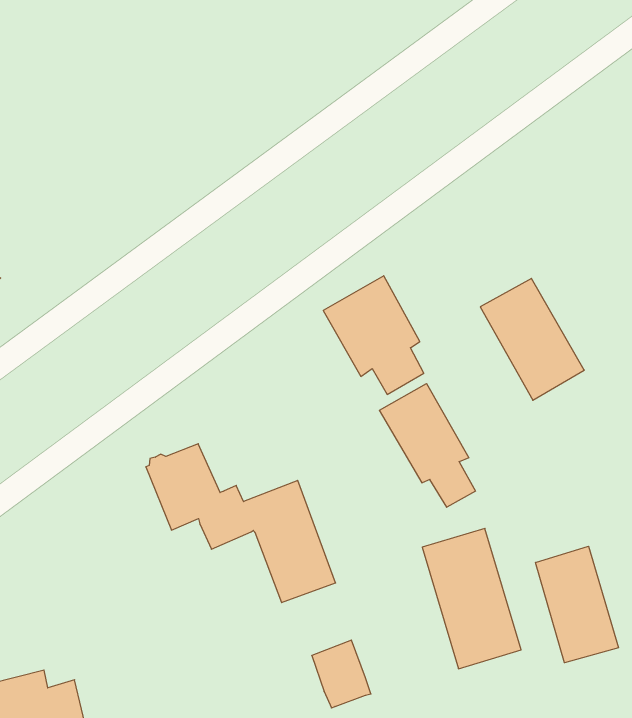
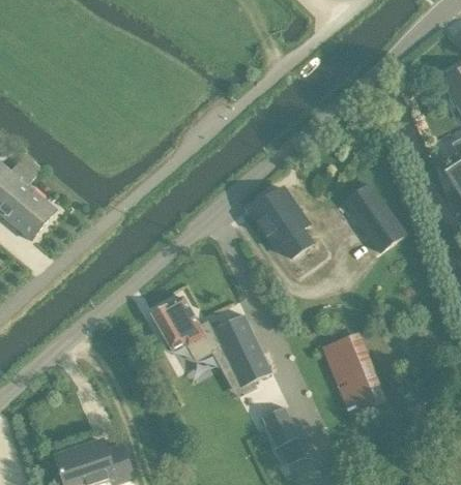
building: [379,384,475,507] -> none
building: [536,546,619,663] -> none

